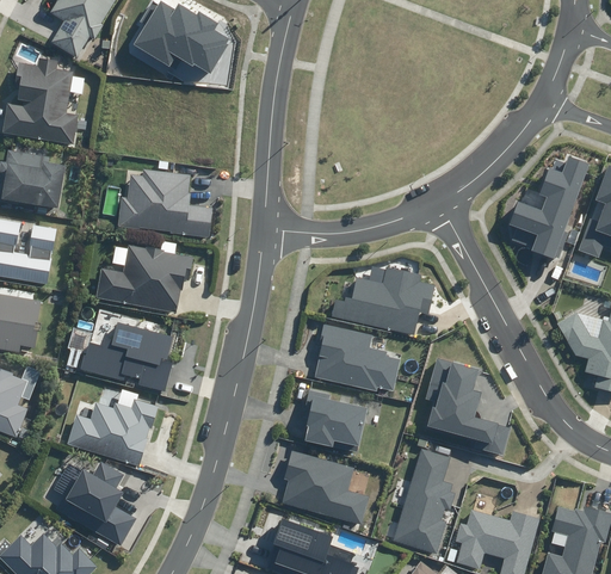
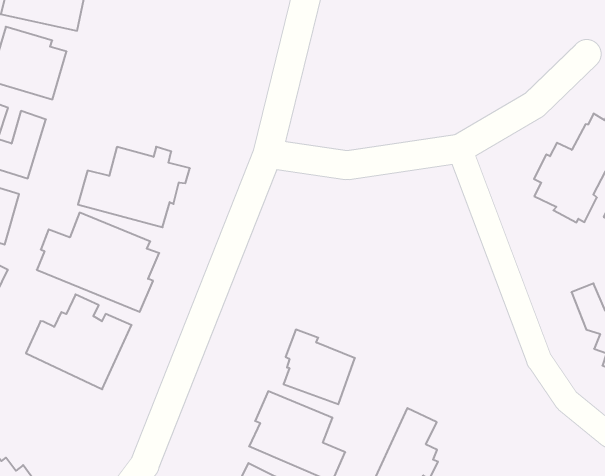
building: [117,169,214,237] -> none
building: [331,266,434,334] -> none
building: [314,323,400,391] -> none
building: [425,358,510,455] -> none
building: [58,458,135,545] -> none

